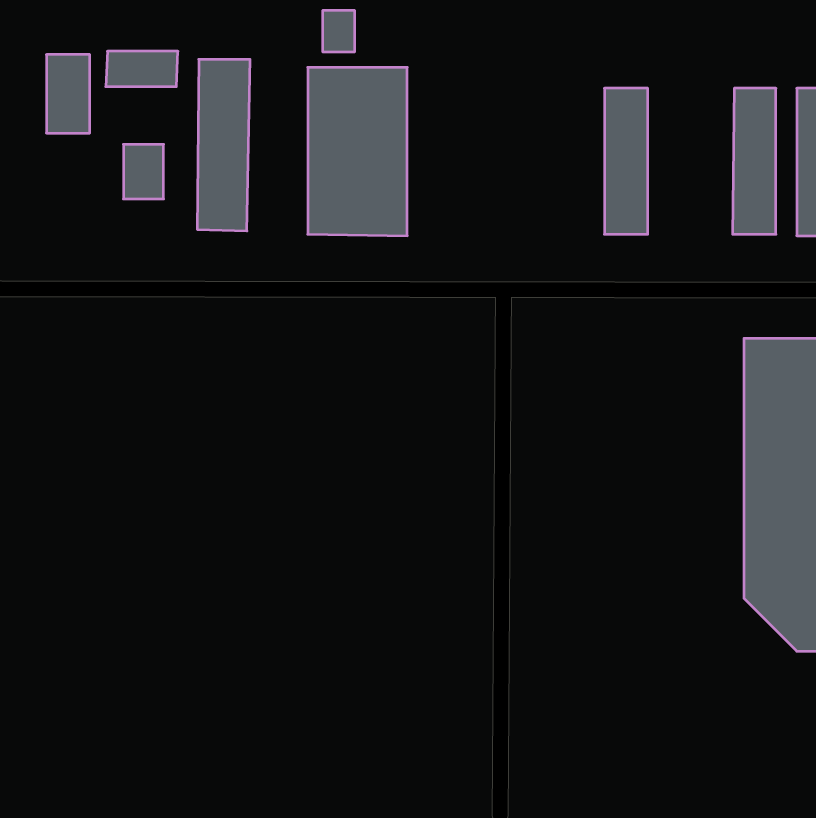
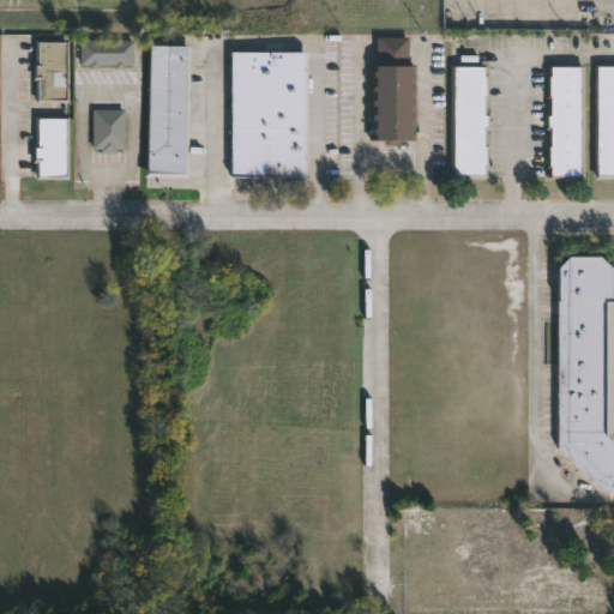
building: [323,10,354,52] -> none
building: none -> [369,37,417,140]
building: none -> [36,118,70,177]

